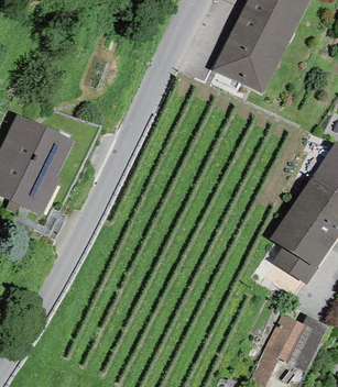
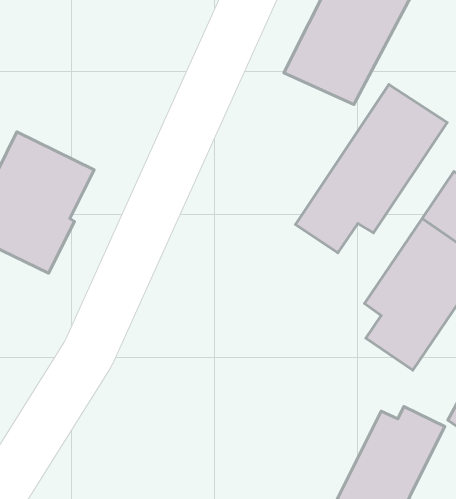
building: none -> [295,84,447,253]

